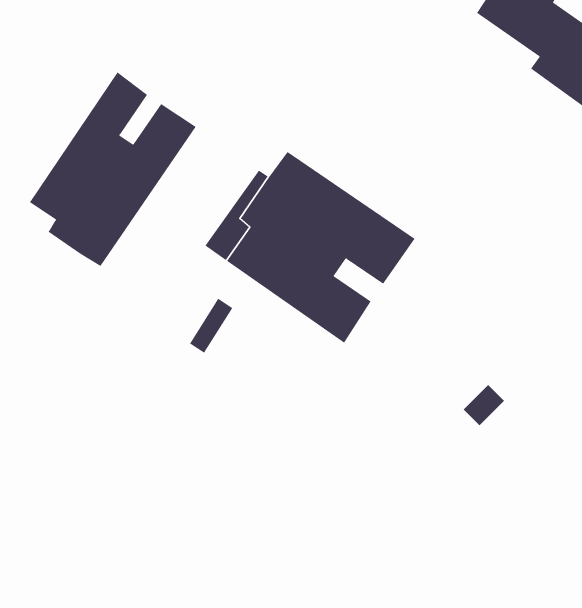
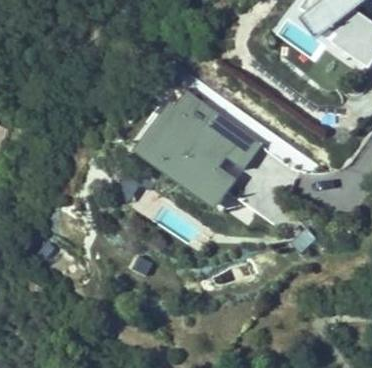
building: [29,72,197,267] -> none

